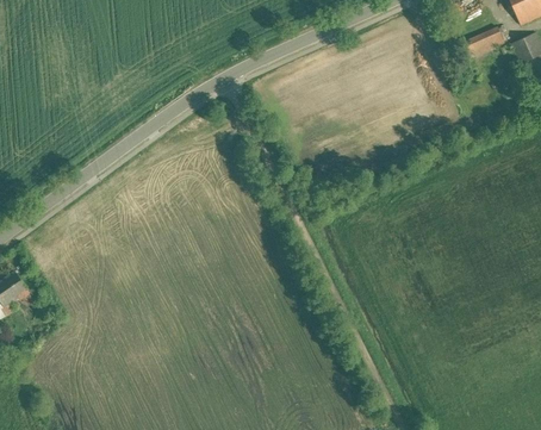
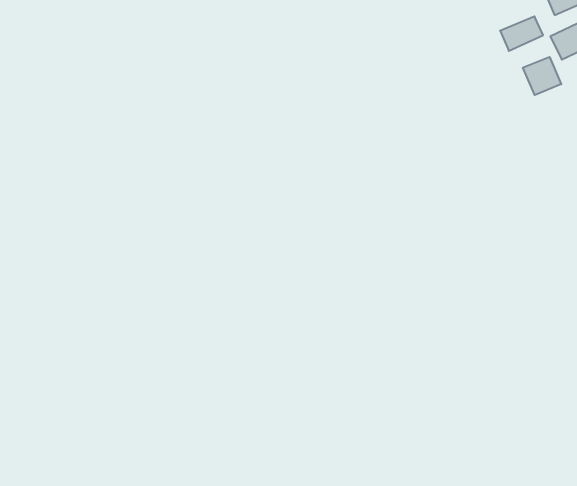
building: none -> [523,57,561,95]

